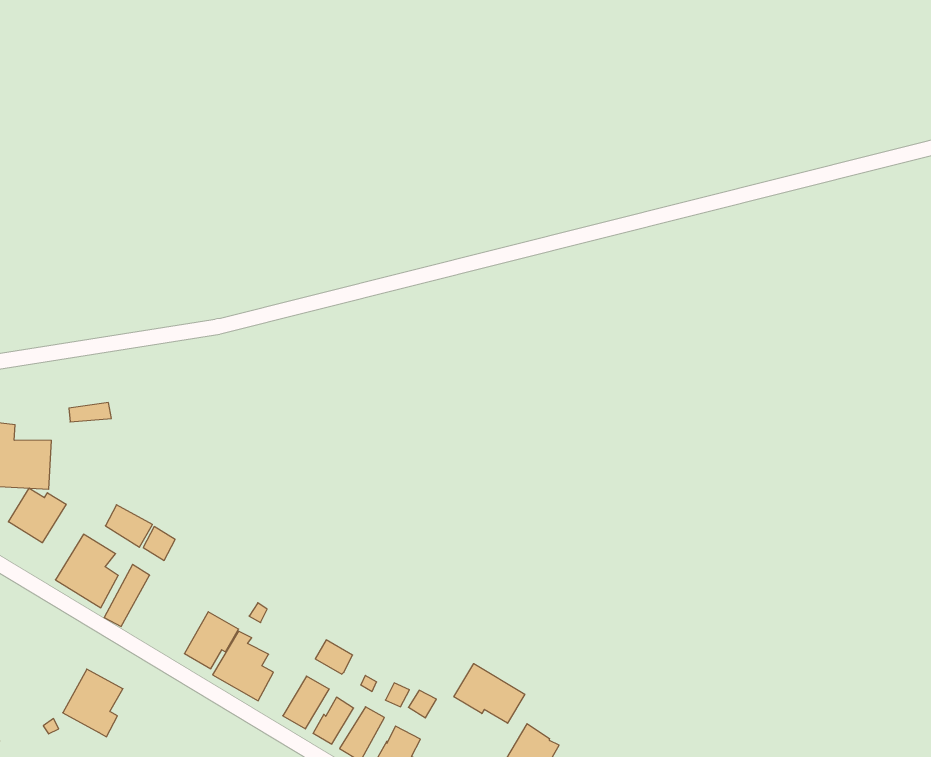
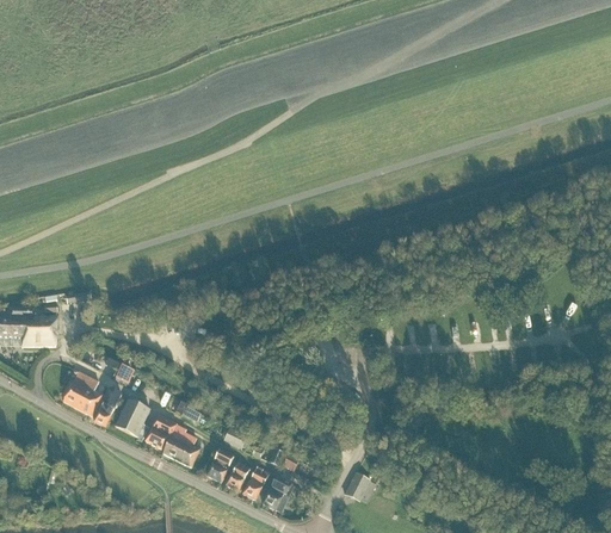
building: [8,488,66,543] -> none
building: [454,664,525,723] -> none
building: [63,669,123,737] -> [115,398,150,439]

